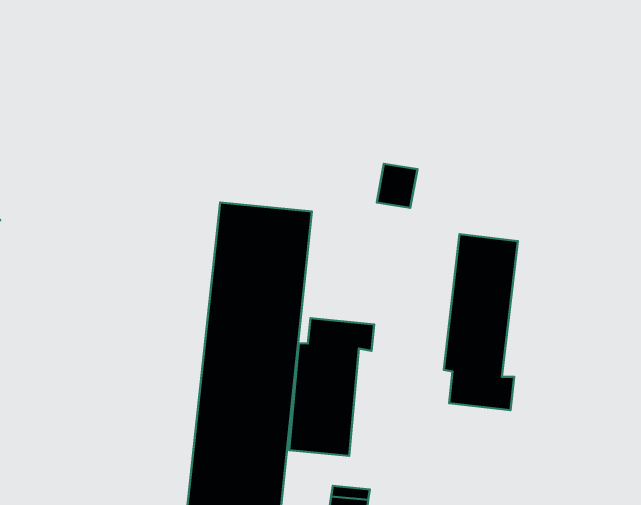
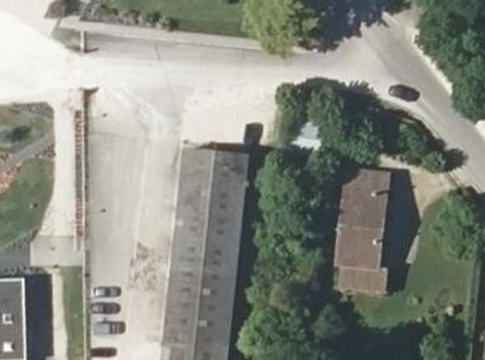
building: [289,318,374,456] -> none

